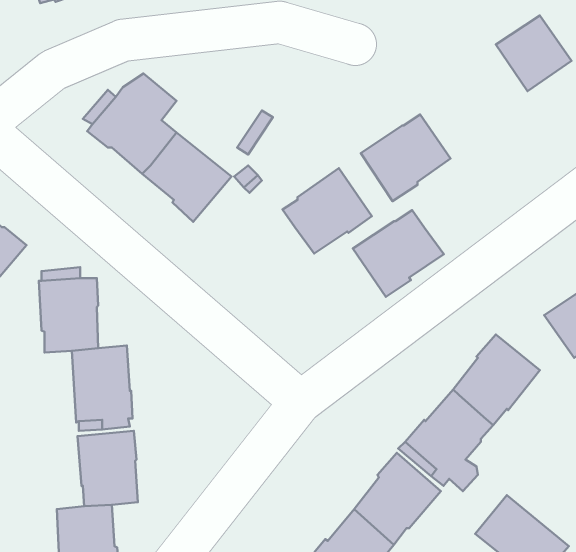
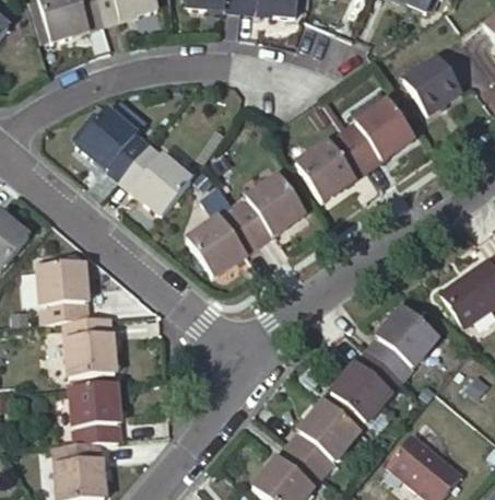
building: none -> [342,101,413,167]
building: [353,210,444,297] -> [186,208,258,277]

